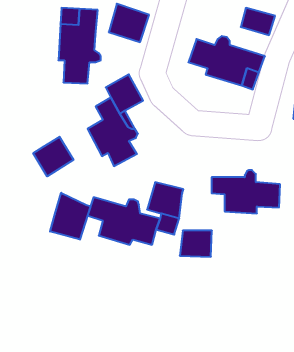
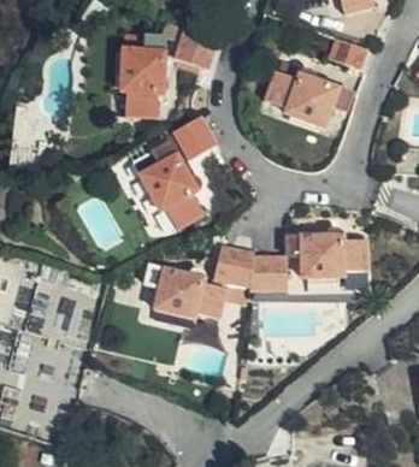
building: [33,137,73,176] -> none
building: [50,193,91,240] -> none
building: [180,231,212,257] -> [255,258,294,289]

